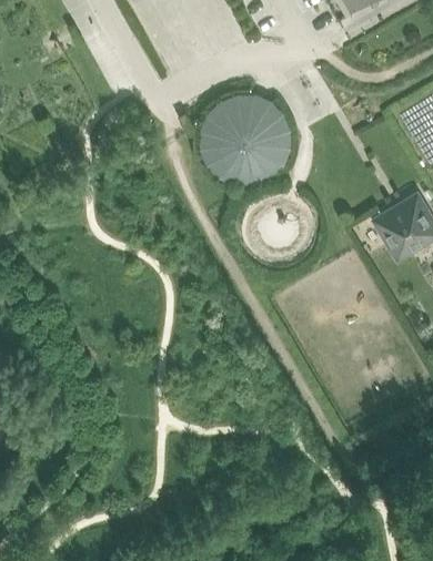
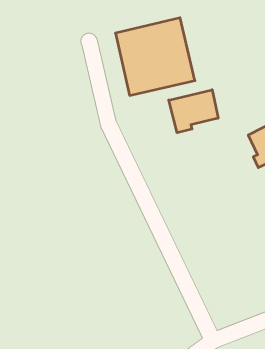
building: none -> [169,90,218,133]

